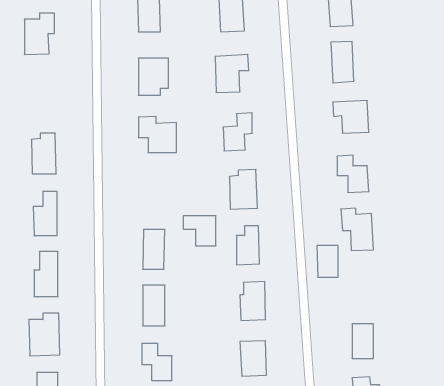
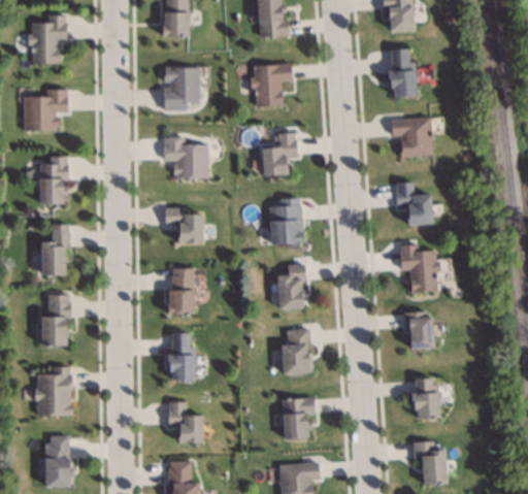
building: none -> [24,89,67,131]
building: [183,216,216,246] -> [164,209,202,244]
building: [317,246,338,277] -> [407,311,432,349]

